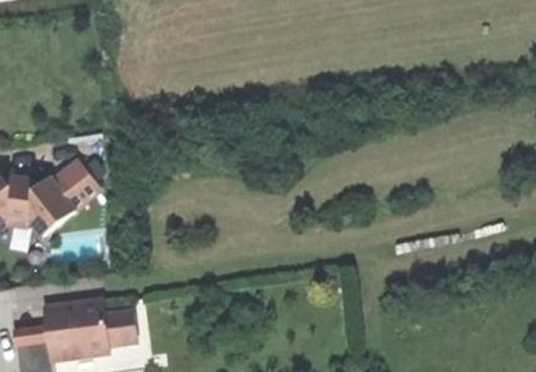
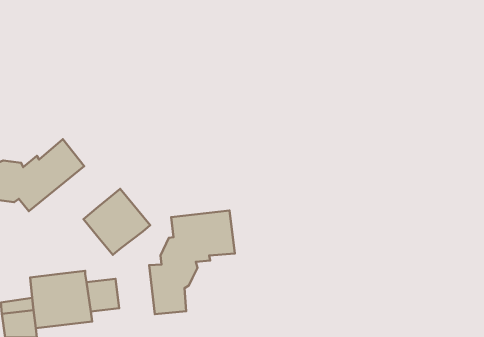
building: none -> [84,189,150,255]
building: none -> [149,210,235,314]

